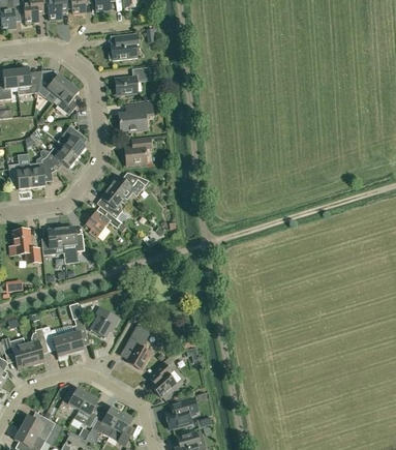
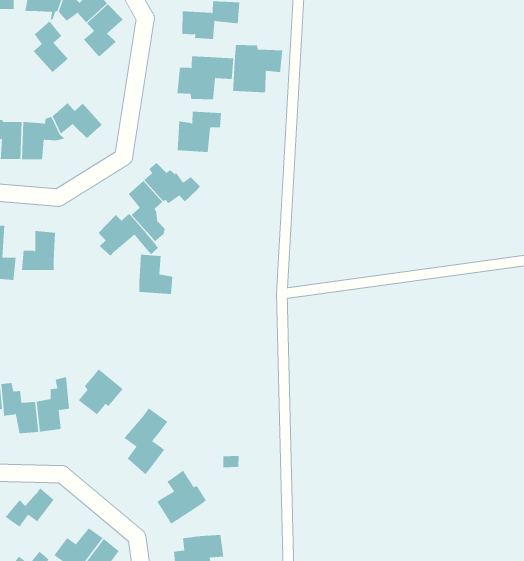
building: none -> [232,44,283,93]
building: [62,124,86,156] -> [33,20,68,73]
building: [60,227,84,251] -> [139,254,173,295]
building: [75,393,98,426] -> none

